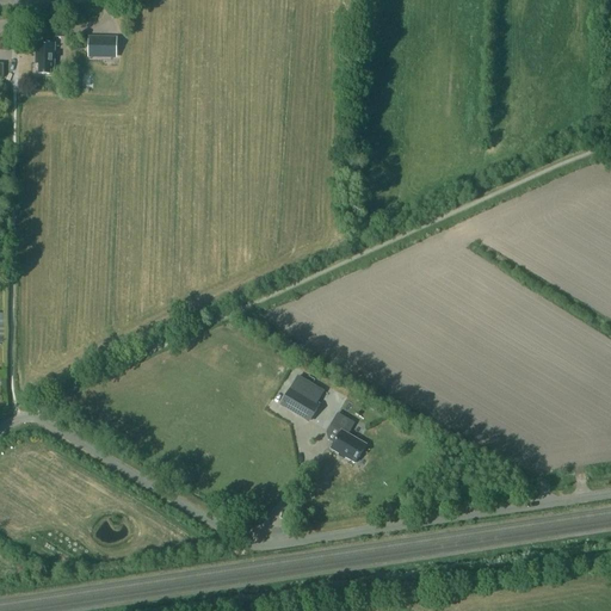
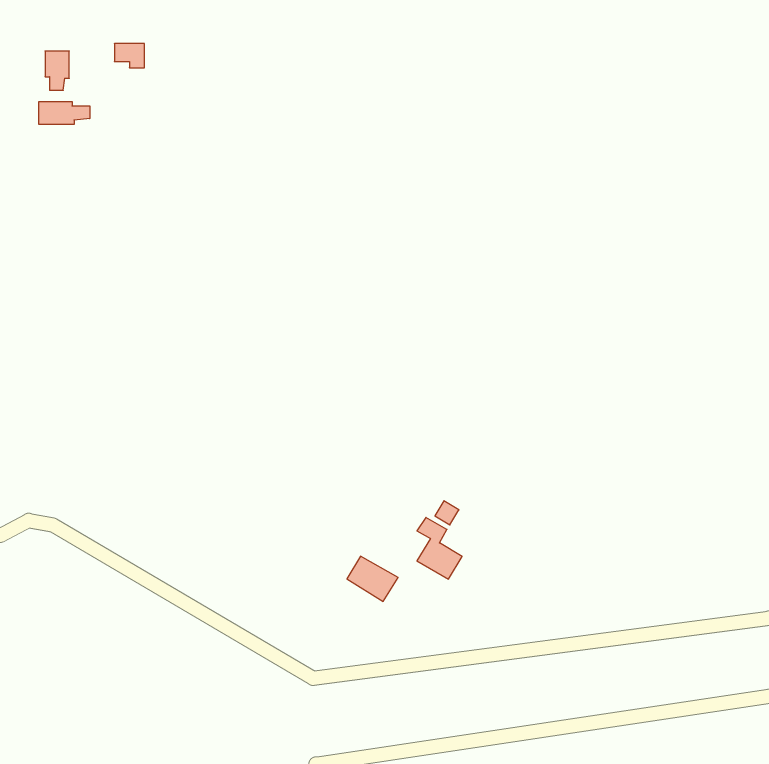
building: none -> [39,102,90,124]
building: [280,384,321,420] -> [347,556,398,601]

